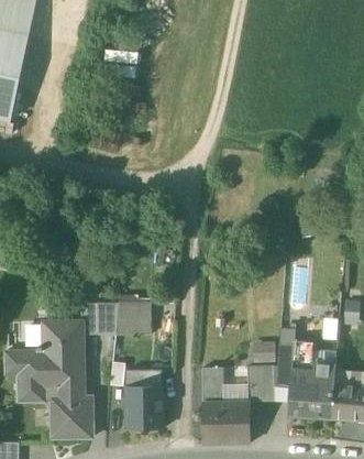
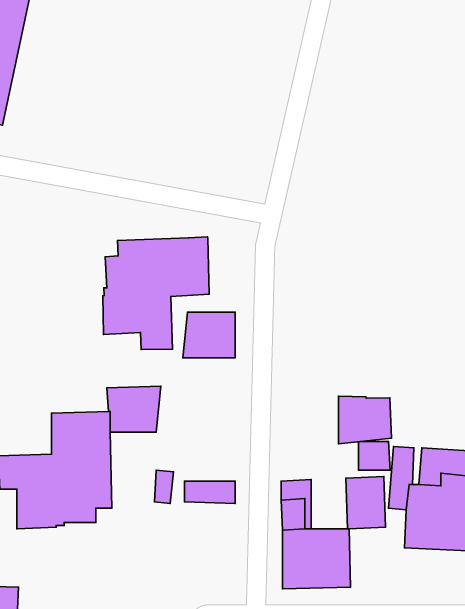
building: none -> [103,237,209,349]
building: [114,302,151,334] -> [183,312,235,358]
building: none -> [338,396,392,444]
building: [125,385,163,427] -> none
building: [51,396,91,437] -> none

